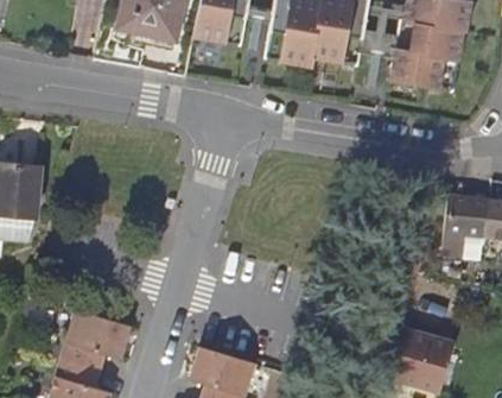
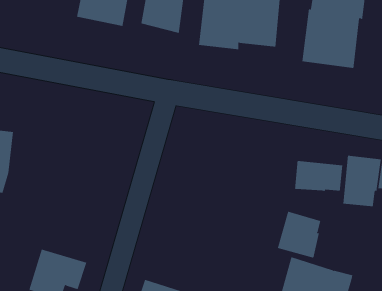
building: none -> [295,160,343,192]
building: none -> [277,211,321,259]

